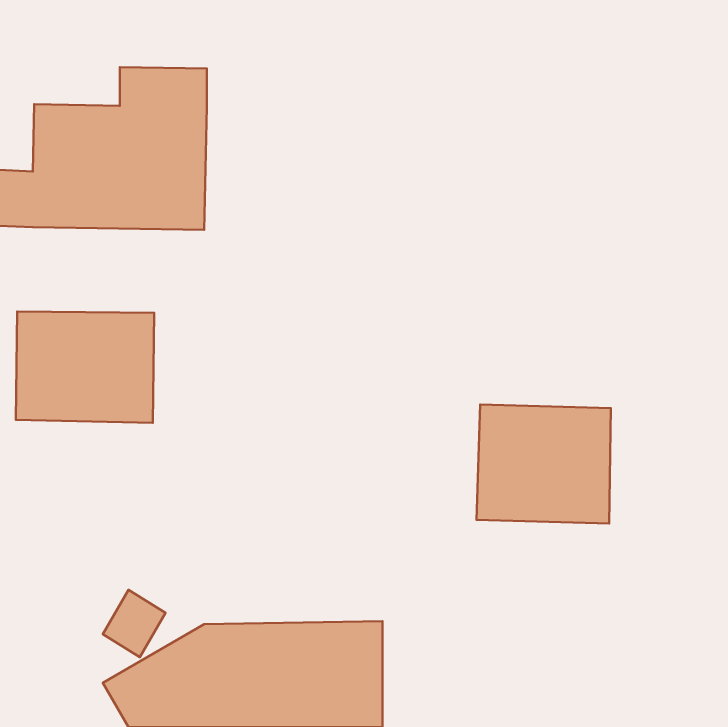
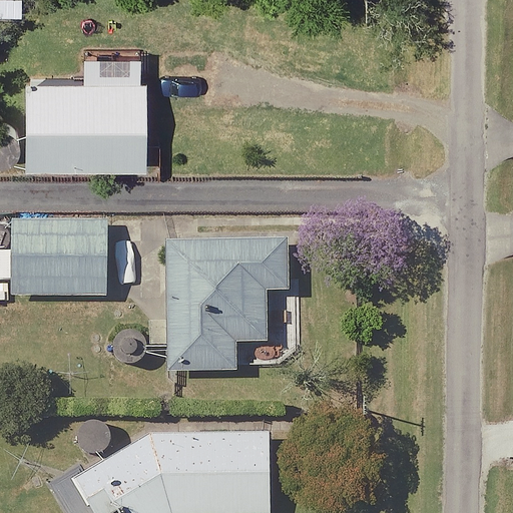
building: none -> [145,243,286,373]
building: [477,404,611,524] -> none

